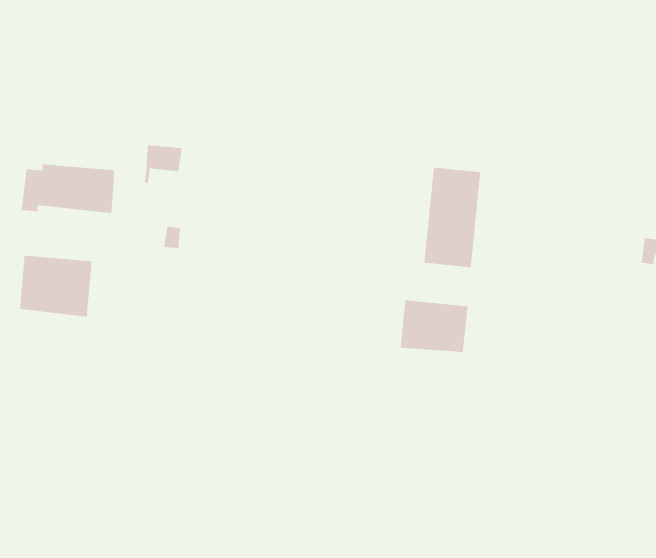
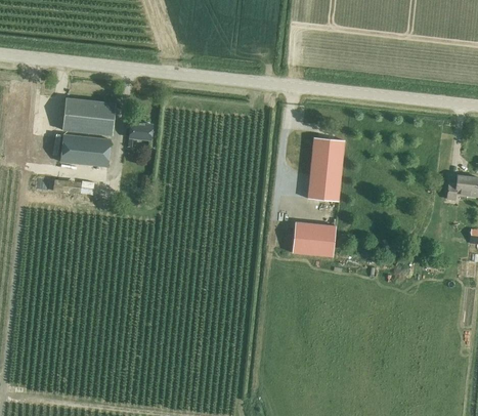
building: none -> [64,98,115,135]
building: [20,255,92,317] -> none

